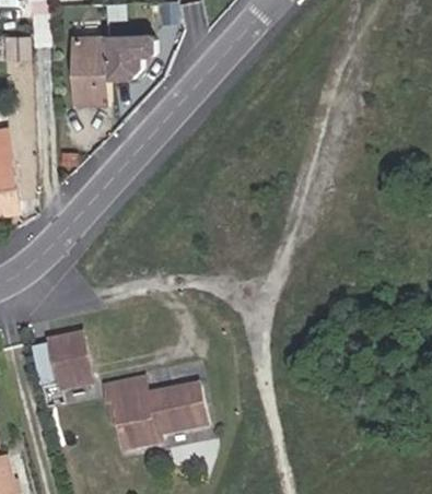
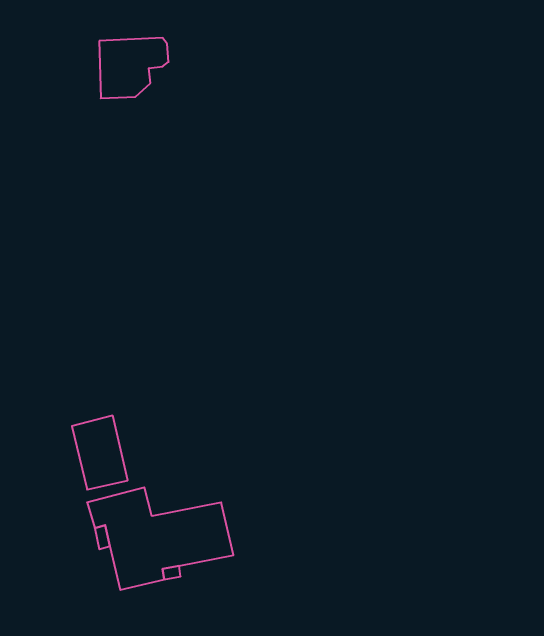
building: [72,48,108,115] -> none
building: [48,330,89,384] -> [72,416,128,490]

